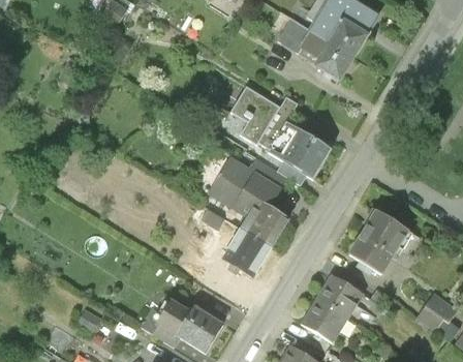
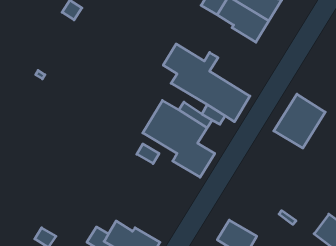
building: [344,208,406,273] -> [274,94,325,148]
building: [225,228,276,276] -> none
building: [311,272,361,319] -> none

